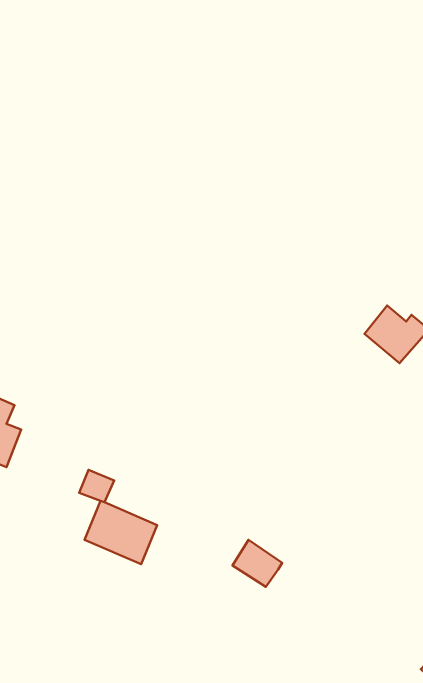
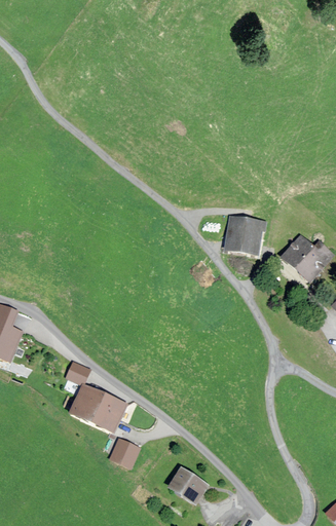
building: none -> [226,216,265,253]
building: [232,540,282,587] -> [169,466,207,502]
building: none -> [109,439,140,469]

